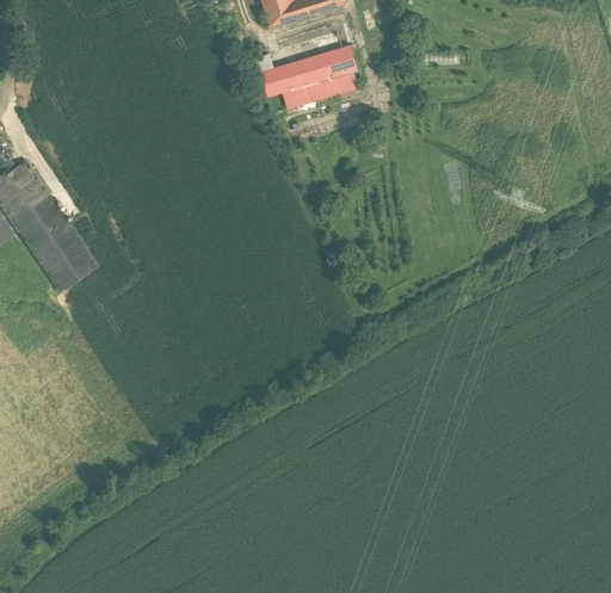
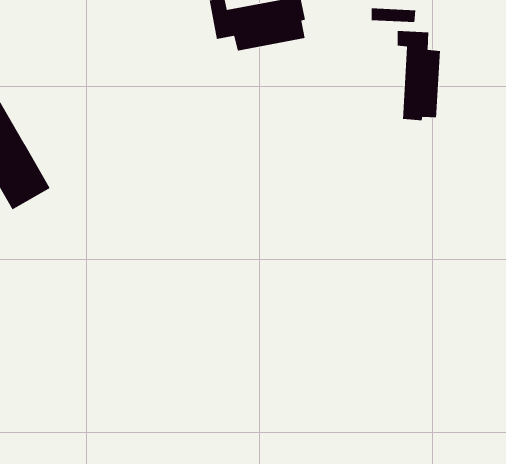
building: none -> [397,30,440,121]

